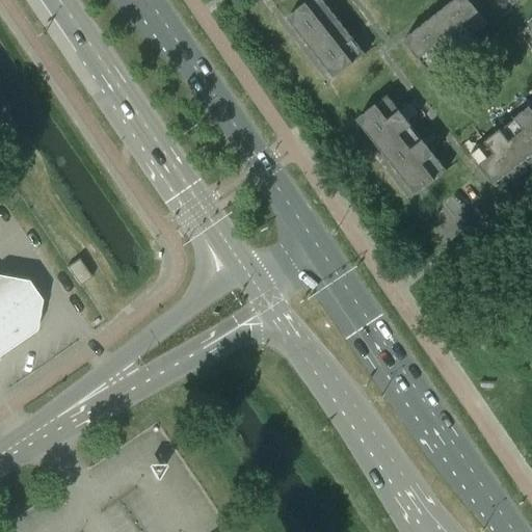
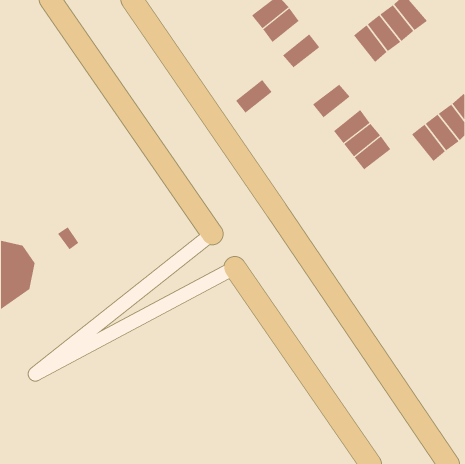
building: [311,24,353,63] -> [235,79,272,114]
building: [369,110,411,150] -> none

